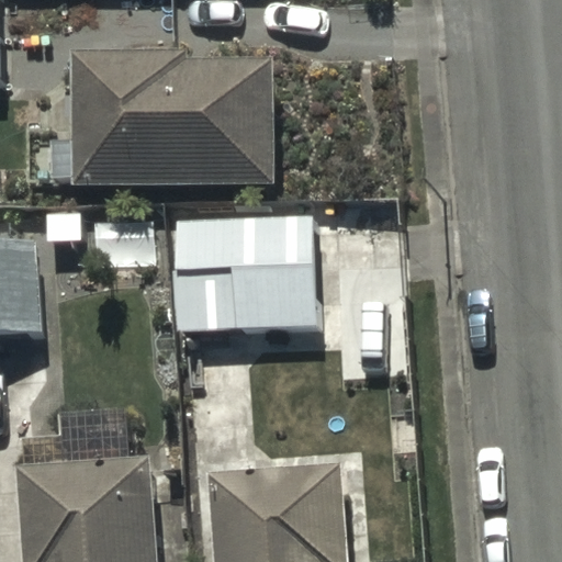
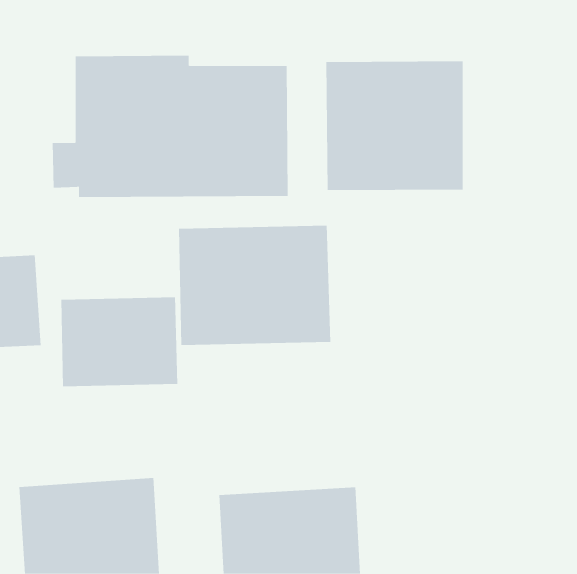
building: none -> [326,61,463,191]
building: none -> [61,296,178,387]

